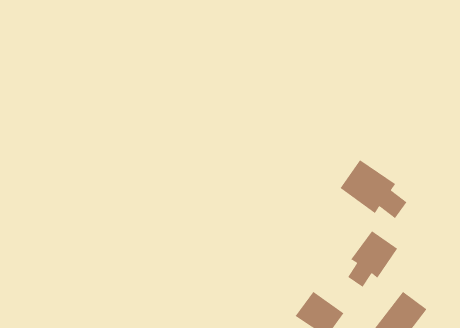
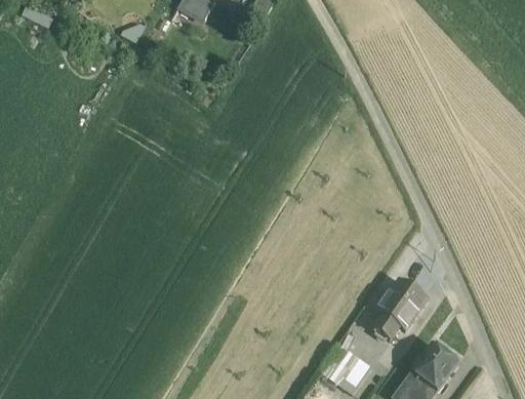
building: [339,159,407,219] -> none

